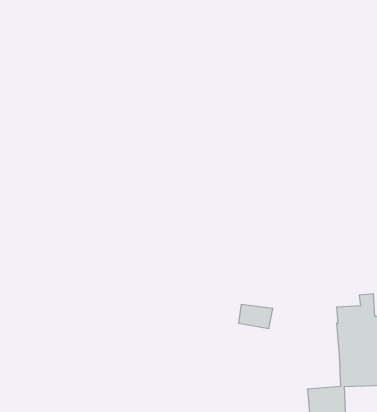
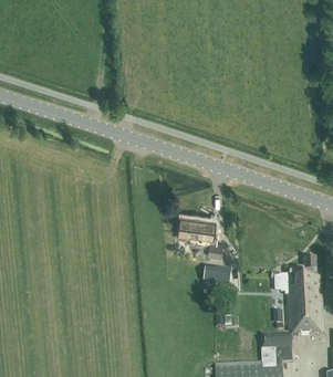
building: none -> [176,217,220,256]

